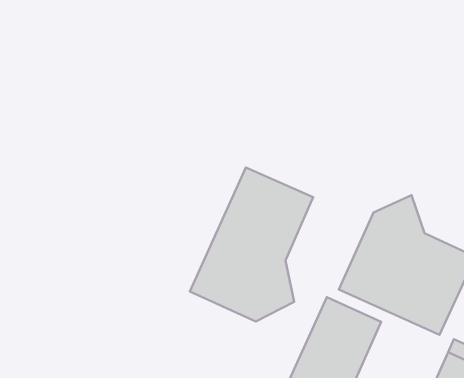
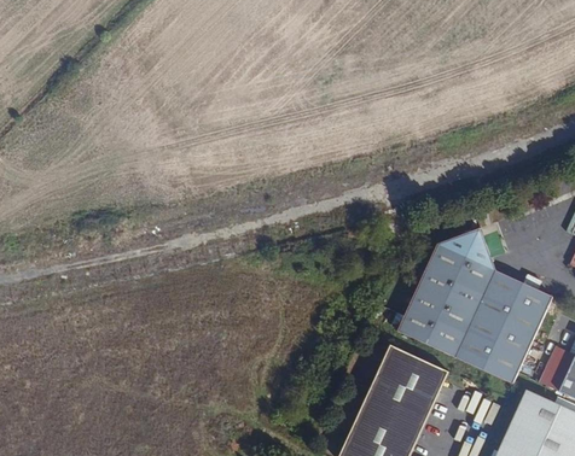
building: [190,167,313,321] -> none

